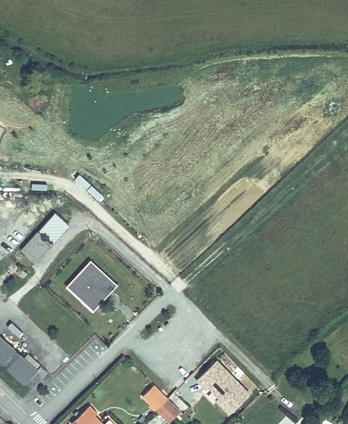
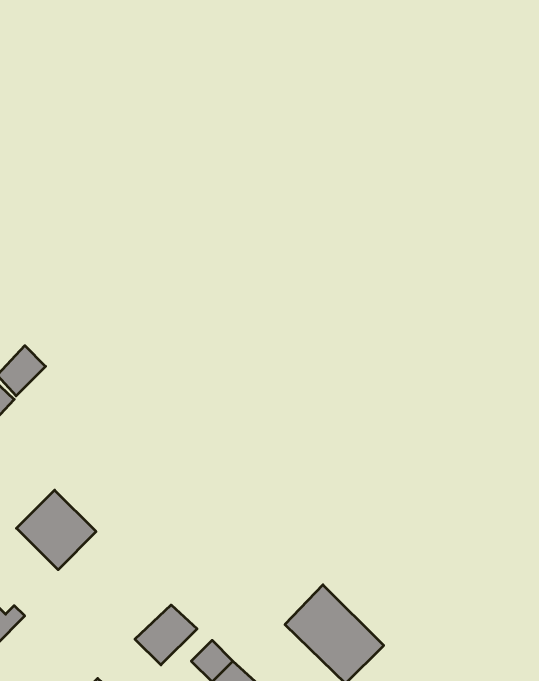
building: [72,261,118,307] -> [16,490,96,570]
building: none -> [135,605,197,665]

